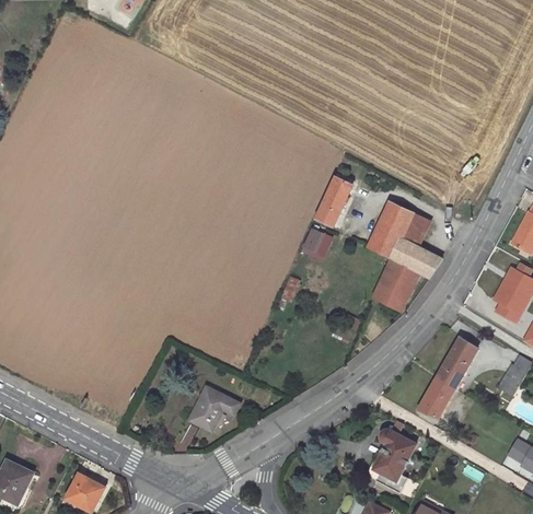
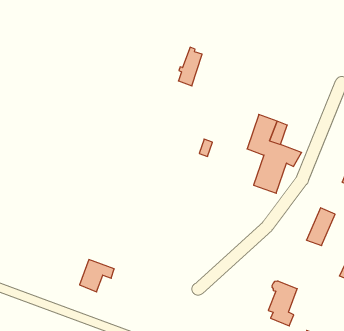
building: [316,173,352,225] -> [178,47,202,86]
building: [418,378,455,418] -> none
building: [189,386,239,431] -> [80,260,114,292]

